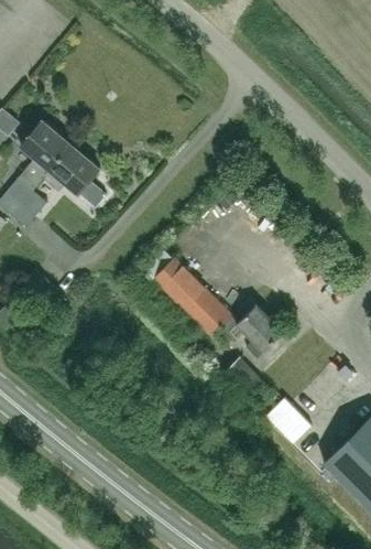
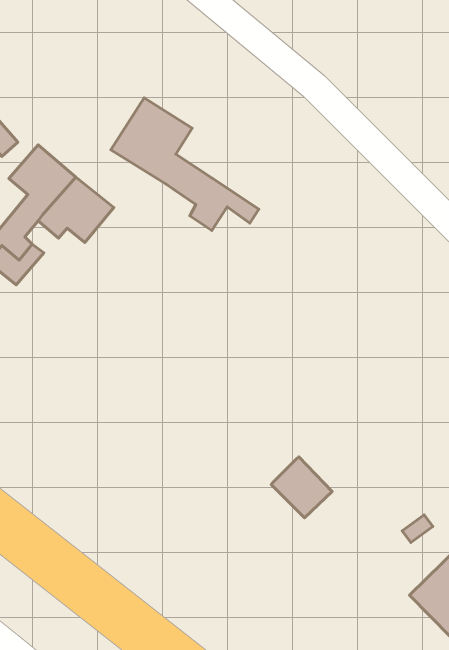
building: none -> [111,98,259,231]
building: [153,258,283,352] -> none

